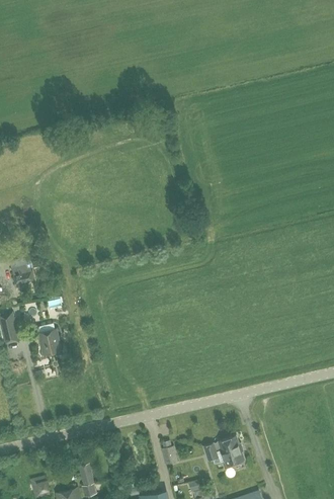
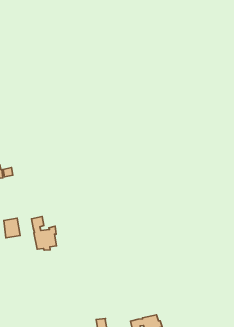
building: none -> [31,217,57,250]

